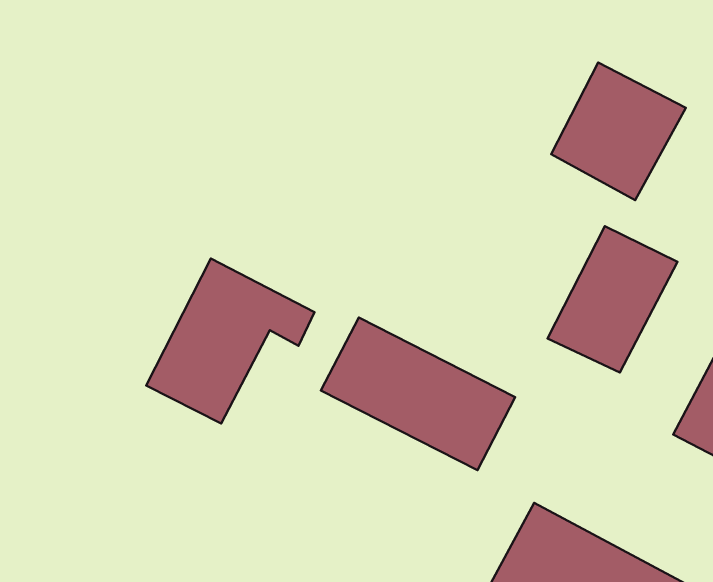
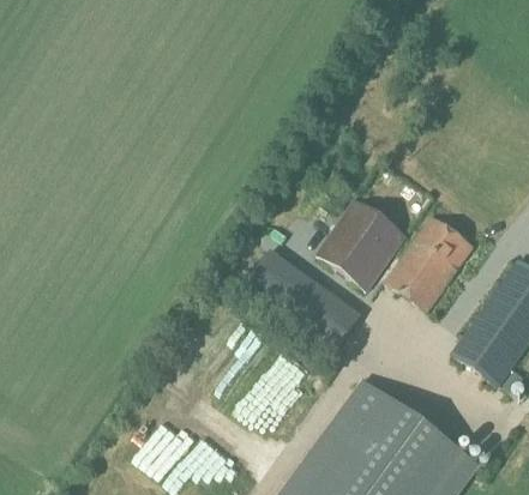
building: [551,63,686,200] -> [320,199,408,288]
building: [146,259,315,424] -> none

